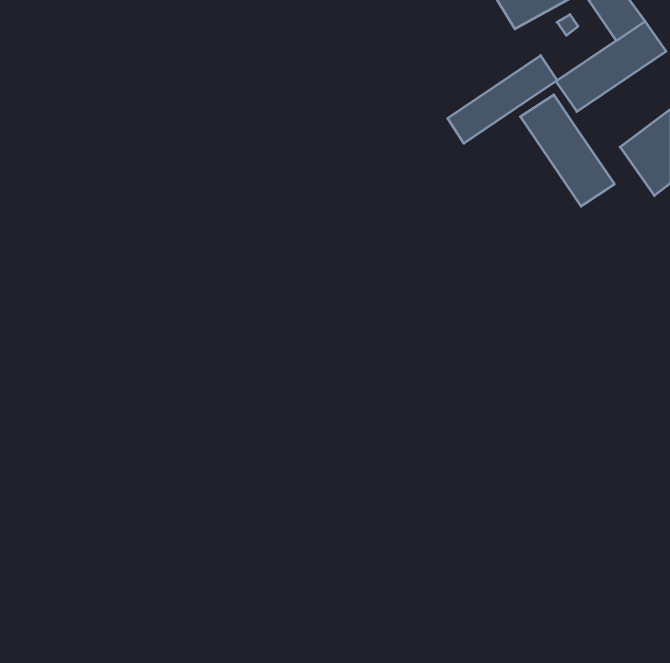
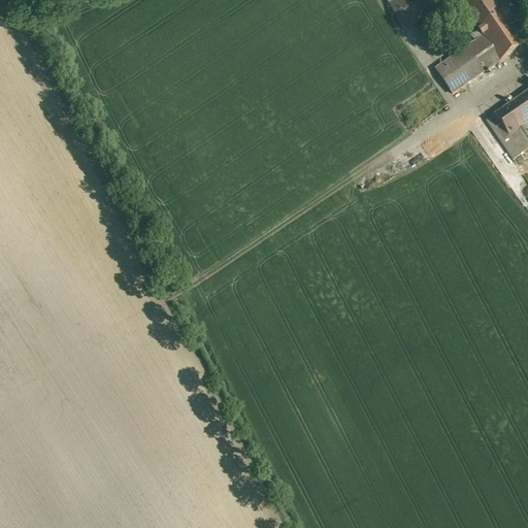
building: [448,55,557,143] -> none
building: [520,95,614,206] -> none

